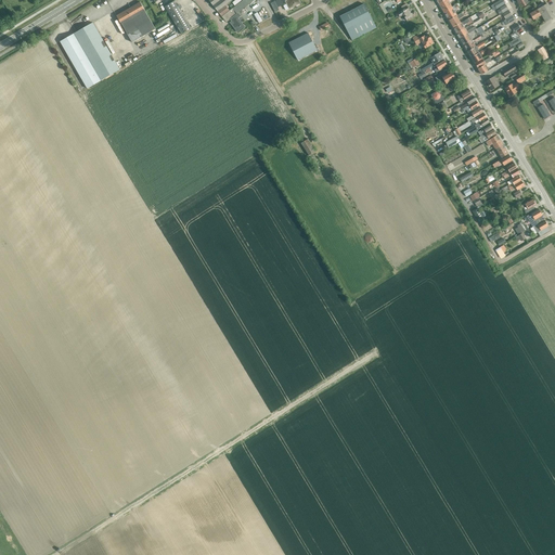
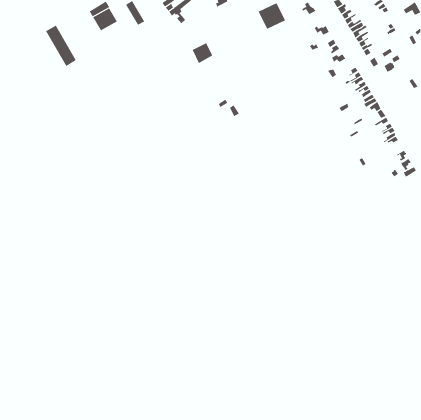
building: [74,22,120,79] -> none
building: [288,31,317,60] -> [192,42,213,64]

